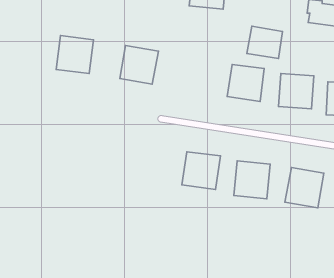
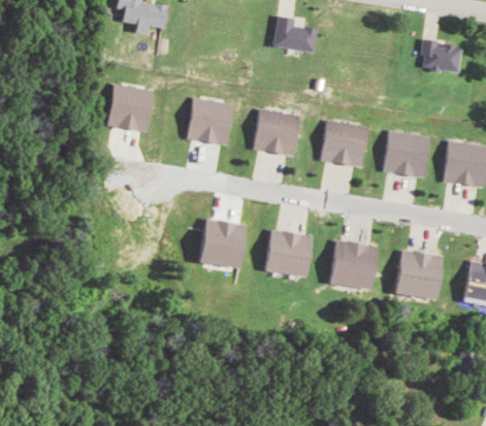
building: [247,26,282,58] -> none
building: none -> [255,108,302,156]
building: none -> [201,221,246,267]

